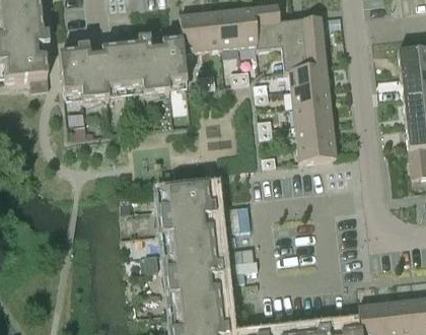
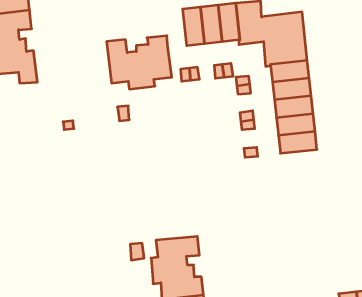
building: [180,12,203,52] -> none
building: [60,46,126,100] -> none
building: [159,184,214,250] -> none

